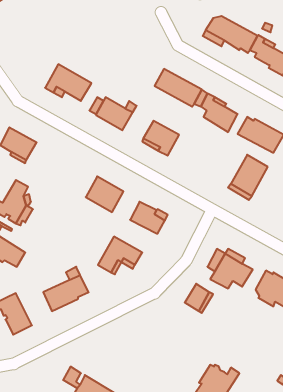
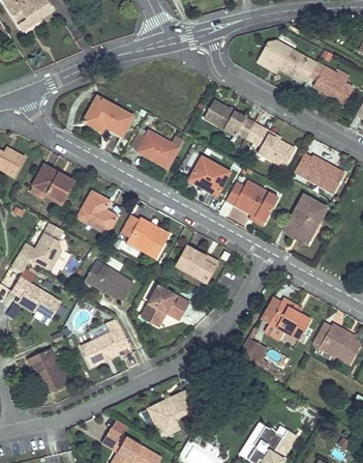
building: none -> [226,179,278,225]
building: none -> [78,191,117,233]
building: none -> [84,259,134,301]
building: none -> [148,386,199,434]

